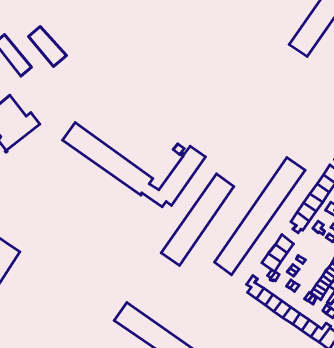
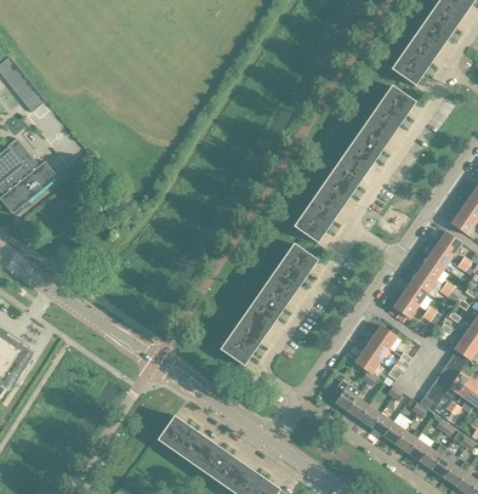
building: [28,26,67,66] -> none
building: [63,122,205,207] -> none
building: [214,157,305,275] -> [294,85,415,243]

